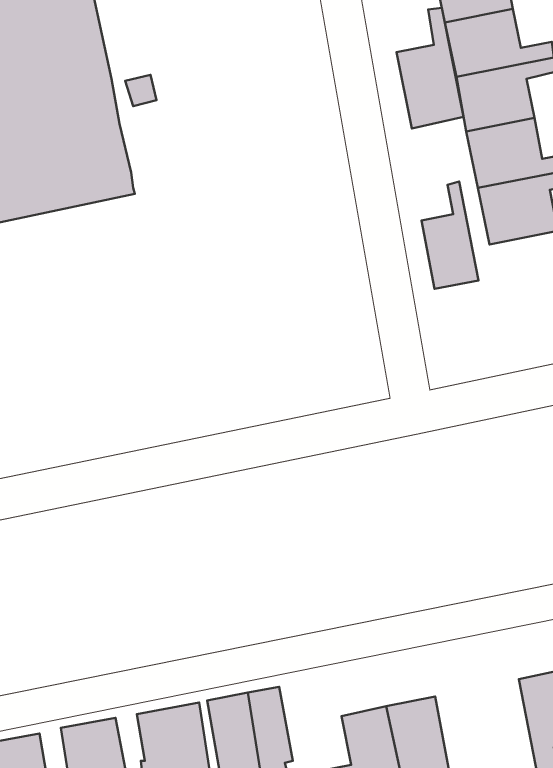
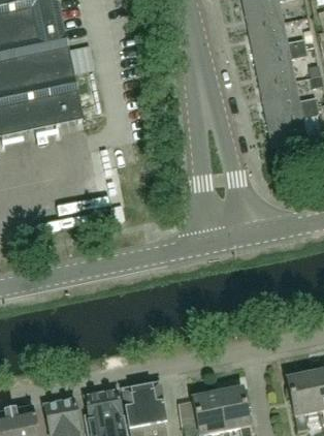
building: [396,8,464,128] -> none
building: [421,182,479,289] -> none

